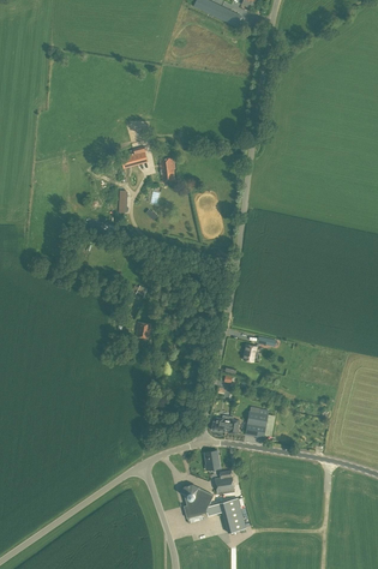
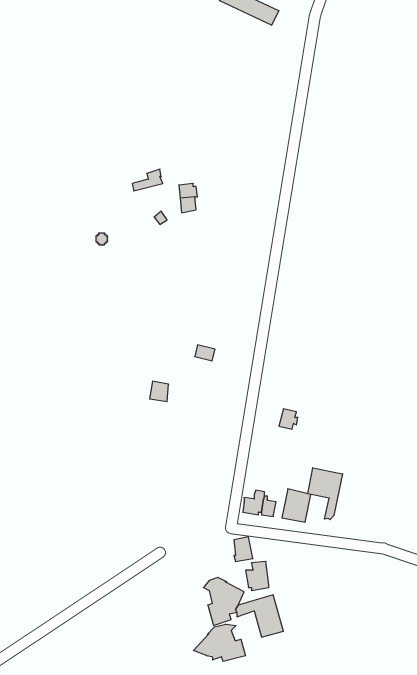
building: none -> [308,468,343,520]
building: none -> [194,624,246,661]

